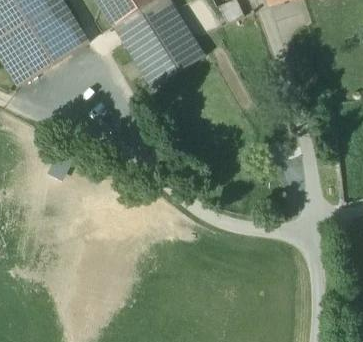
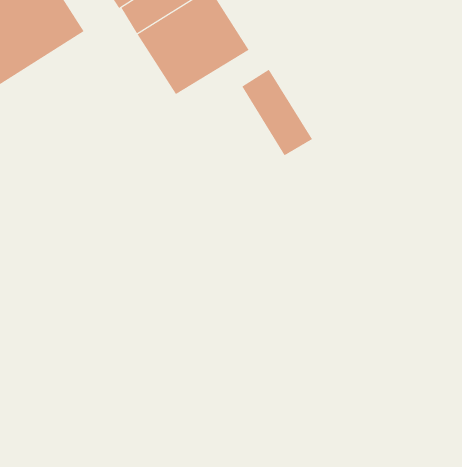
building: none -> [242,69,313,156]

